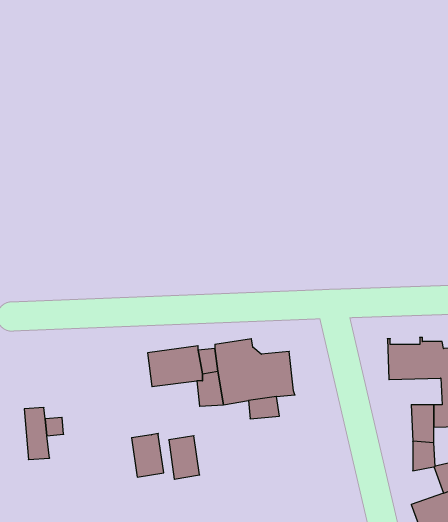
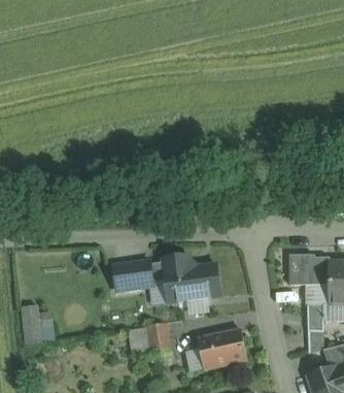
building: [132,433,164,477] -> [146,323,170,355]
building: none -> [197,329,246,369]

